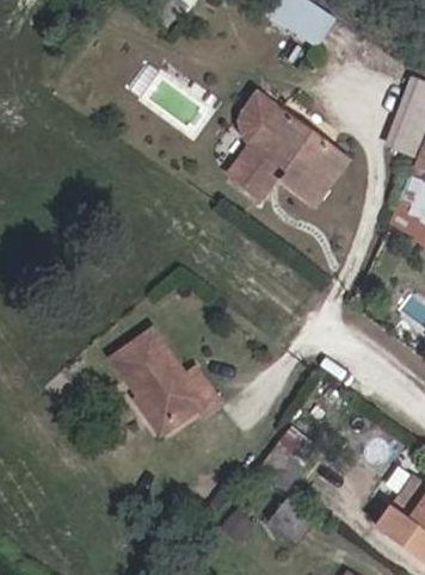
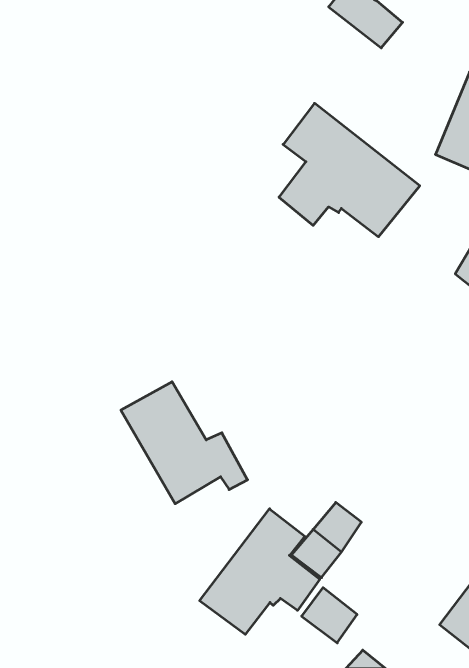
building: none -> [200,509,320,634]

